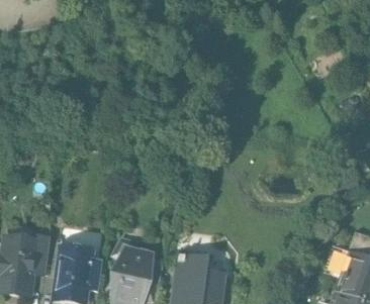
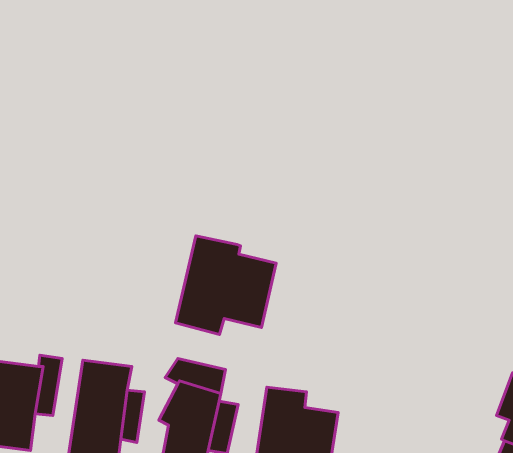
building: none -> [175,236,276,334]

